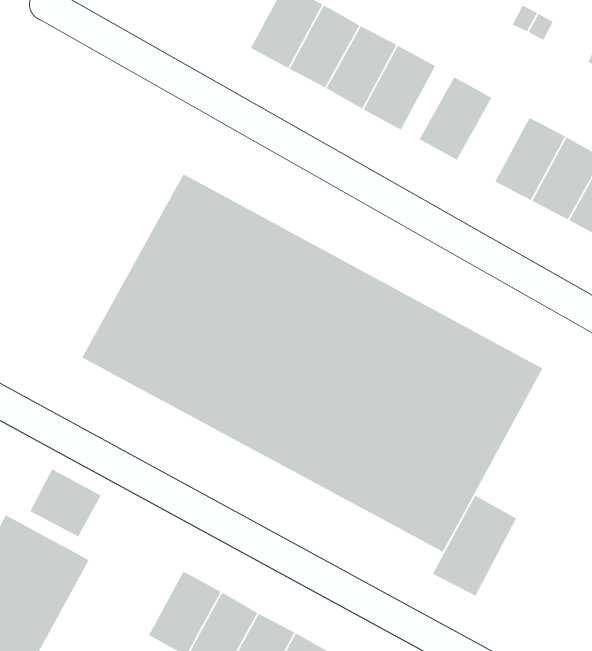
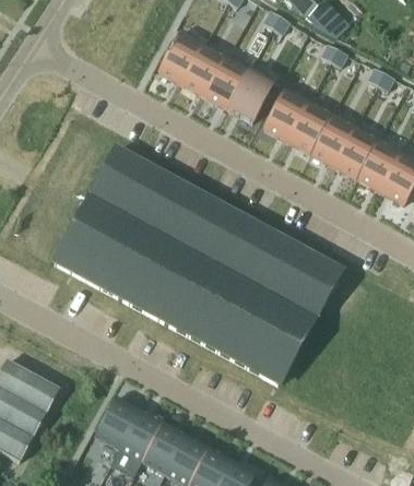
building: none -> [286,102,331,154]
building: [29,468,102,537] -> none
building: [432,495,517,597] -> none

